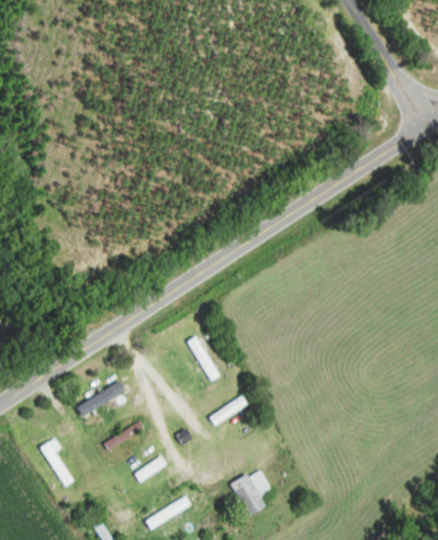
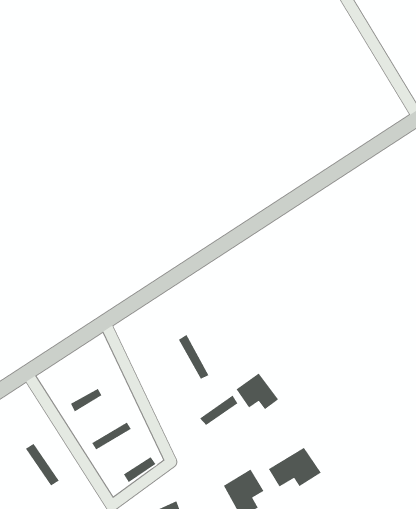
building: none -> [235,373,279,410]
building: none -> [268,447,322,488]

